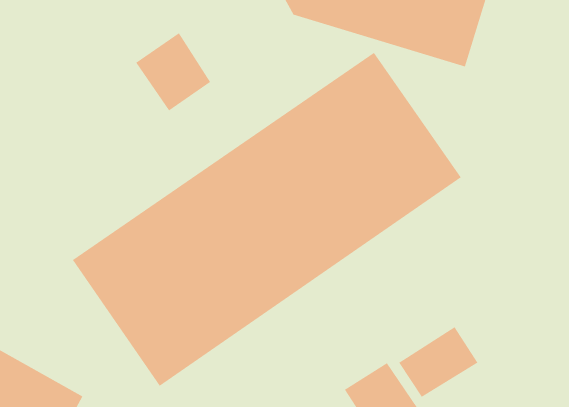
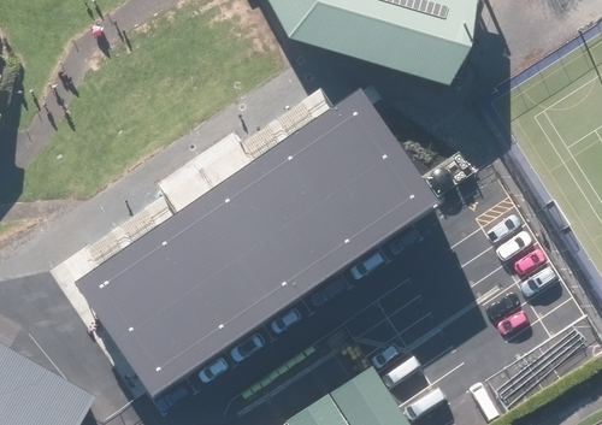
building: [135,32,211,112] -> none
building: [398,326,478,398] -> none

